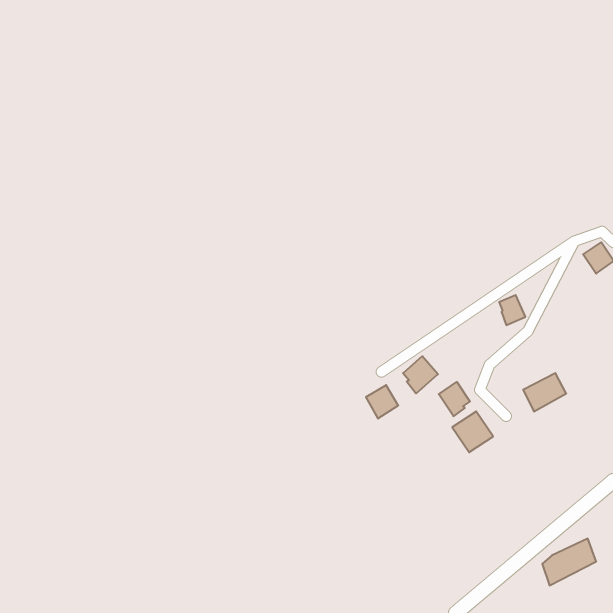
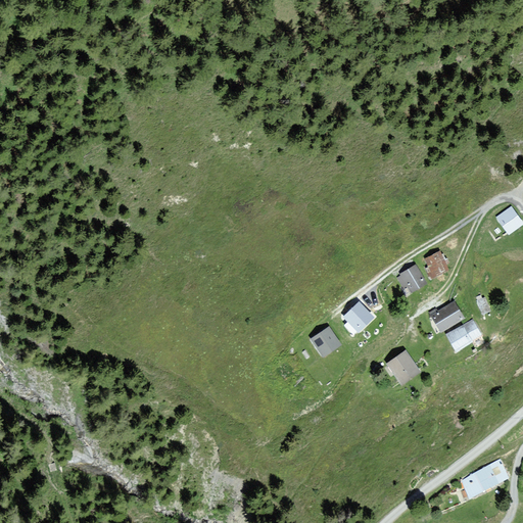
building: none -> [398,265,426,291]
building: none -> [433,299,465,333]
building: [439,382,470,416] -> none

